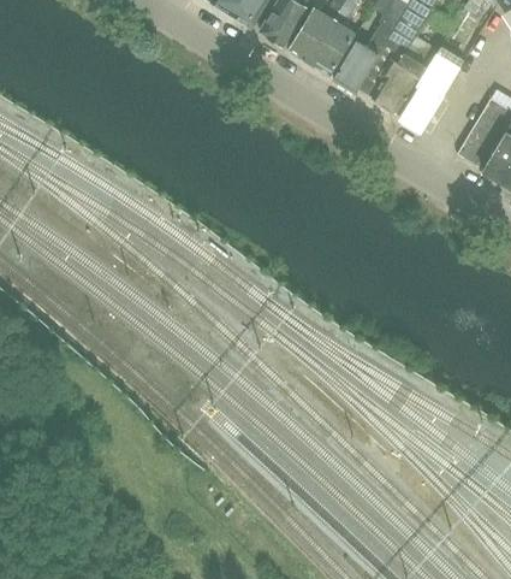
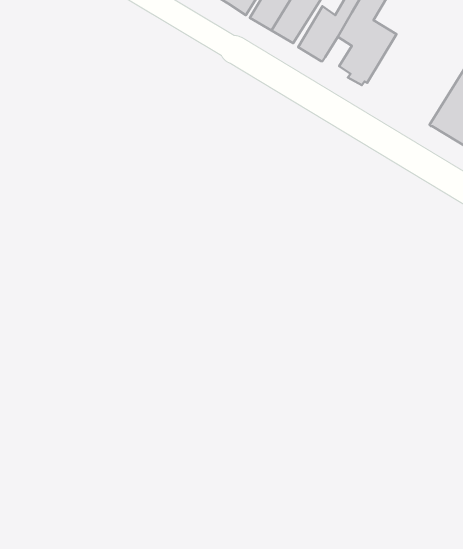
building: [400,51,462,131] -> none

